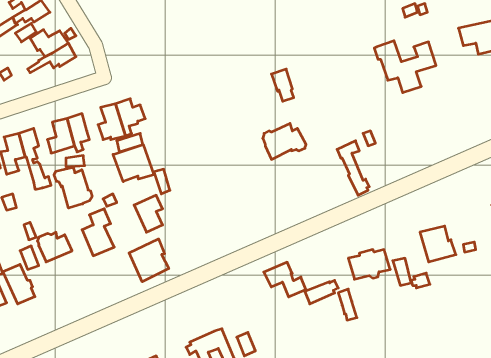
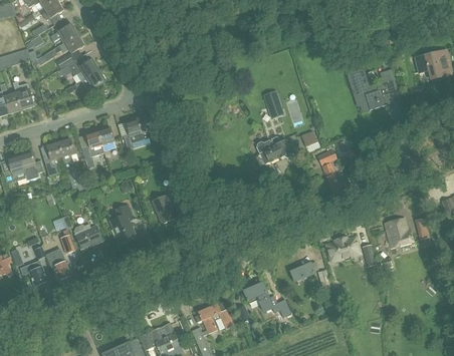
building: [113,144,154,182] -> none
building: [54,167,92,208] -> none
building: [129,239,169,282] -> none
building: [264,262,306,297] -> [243,282,277,310]

